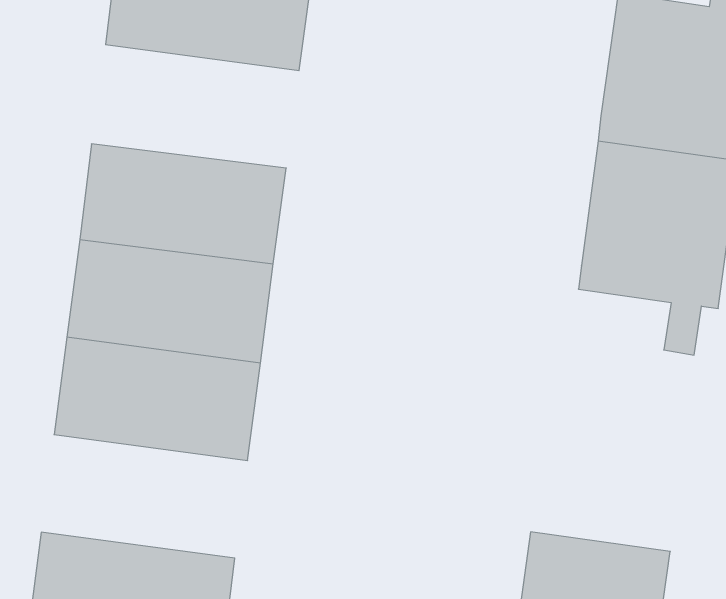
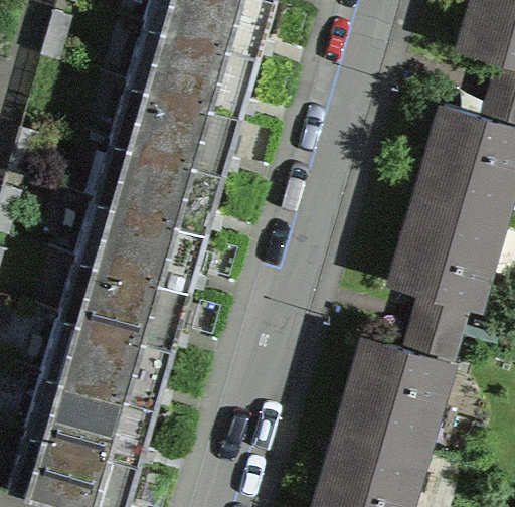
building: none -> [110,87,243,179]
building: none -> [341,324,458,450]
building: none -> [42,320,175,412]

